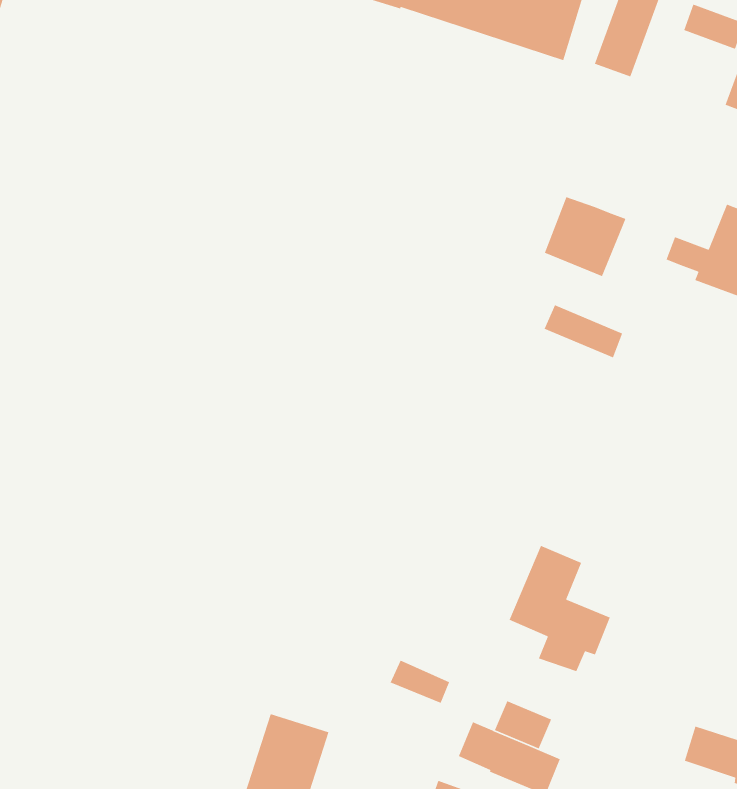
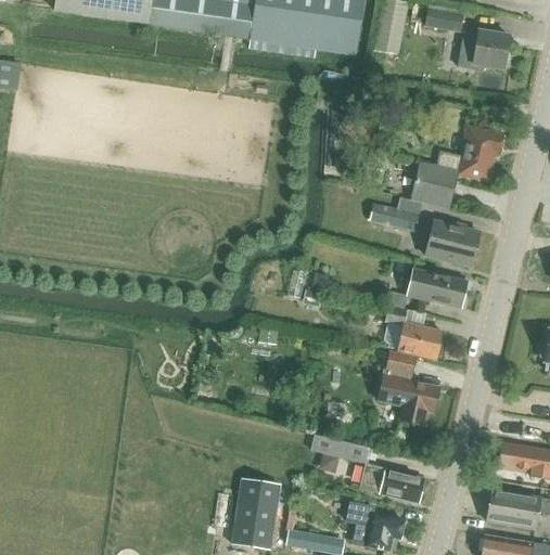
building: [544,196,626,277] -> [411,162,458,207]
building: none -> [426,220,481,267]
building: none -> [407,268,468,308]
building: none -> [384,305,442,358]
building: [494,700,552,750] -> none

